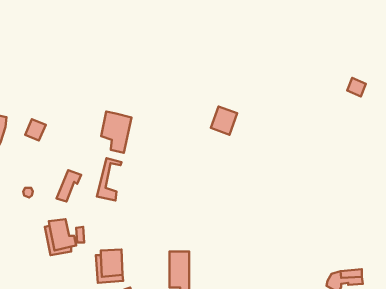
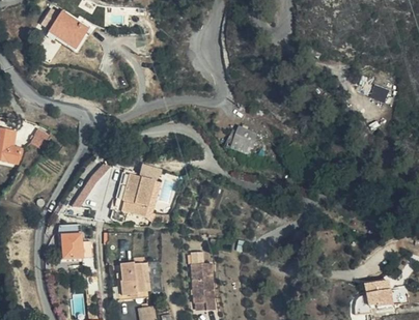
building: none -> [50,10,86,46]
building: [101,112,132,153] -> [121,174,153,217]

